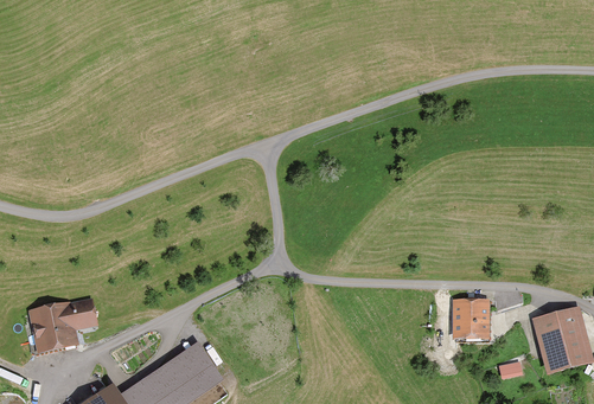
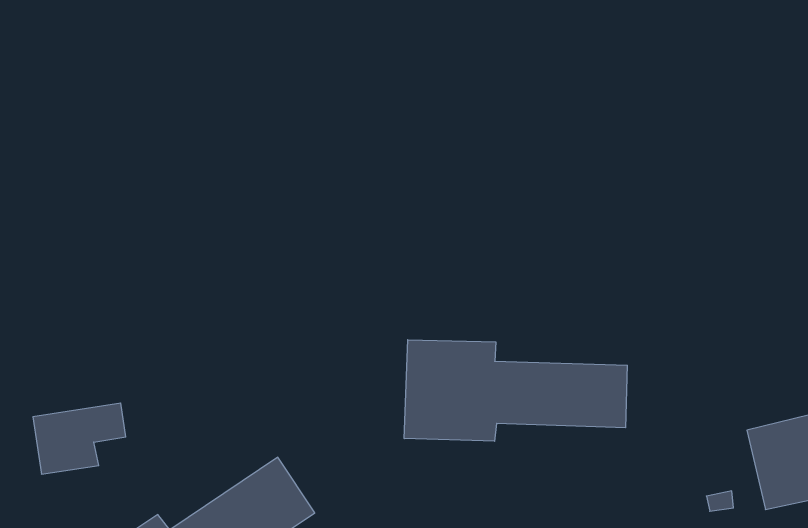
building: none -> [404,340,627,441]
building: [451,301,484,340] -> none

